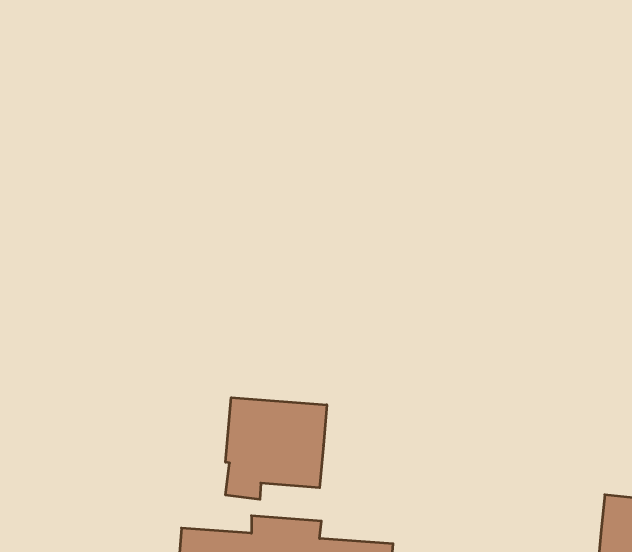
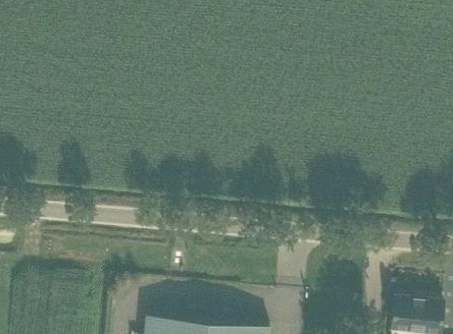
building: [226,398,327,499] -> none

